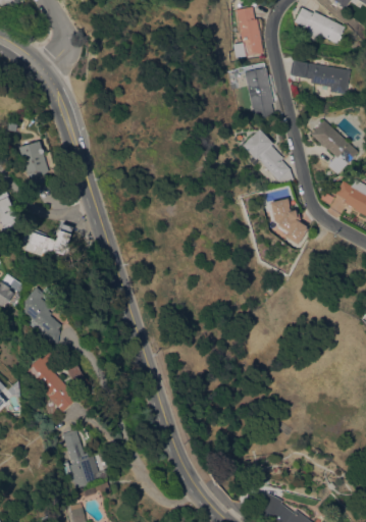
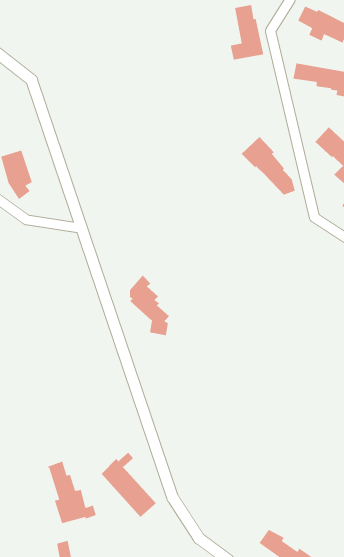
building: [244,67,273,117] -> none
building: [269,198,307,244] -> none
building: [28,223,72,256] -> none
building: [23,286,61,344] -> [129,275,170,336]
building: [25,351,77,412] -> [101,452,157,518]

